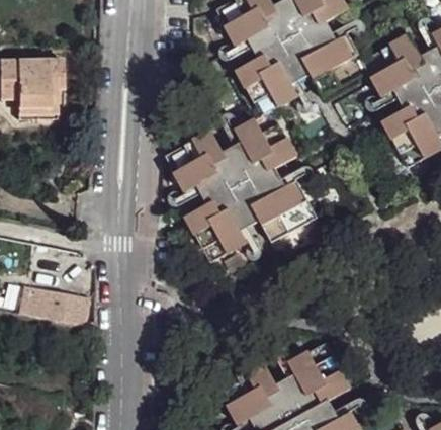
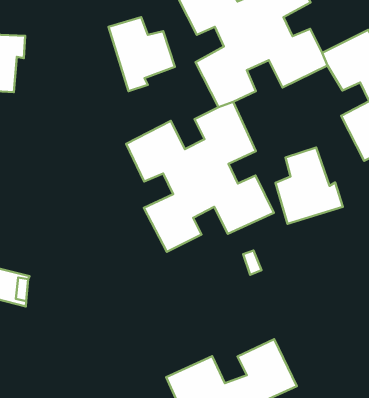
building: none -> [109,17,175,91]
building: none -> [275,147,343,224]

